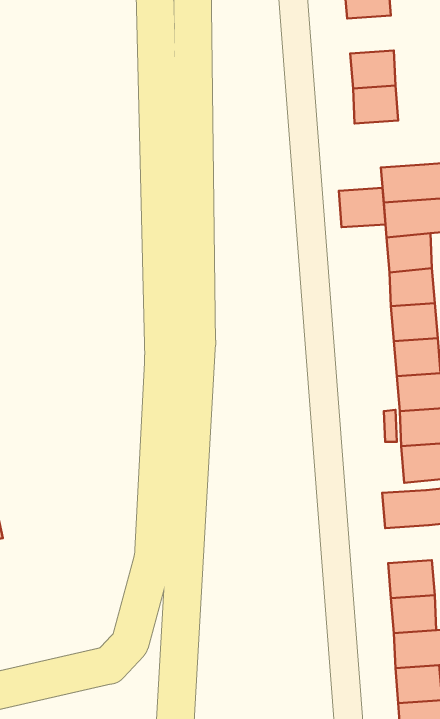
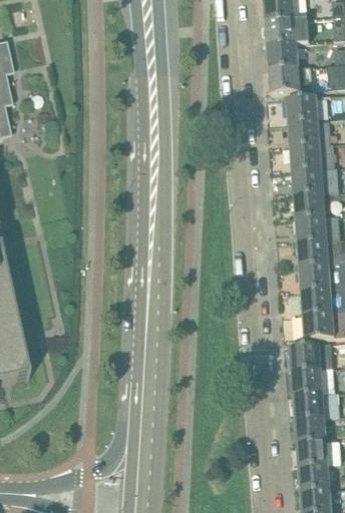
building: none -> [264,19,308,46]
building: [339,188,385,227] -> [285,97,317,124]
building: none -> [290,370,322,396]

